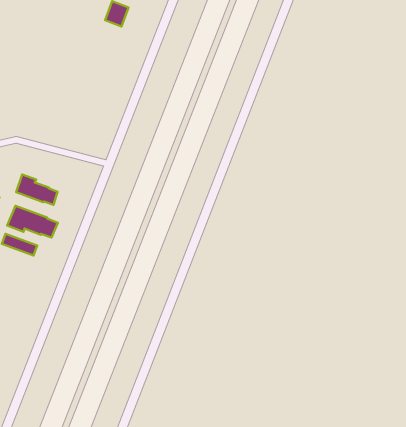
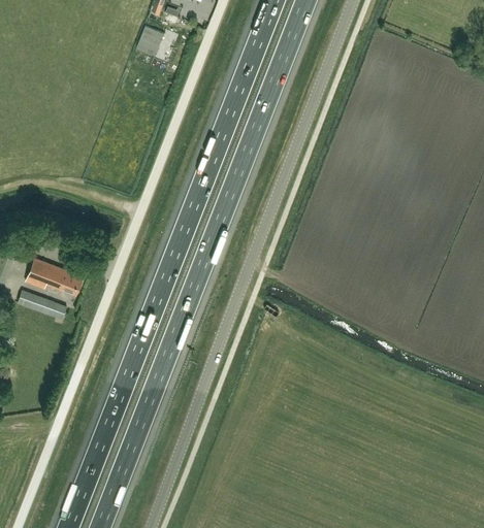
building: [16,175,57,205] -> none

